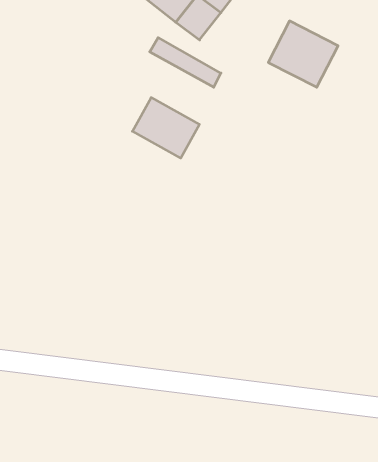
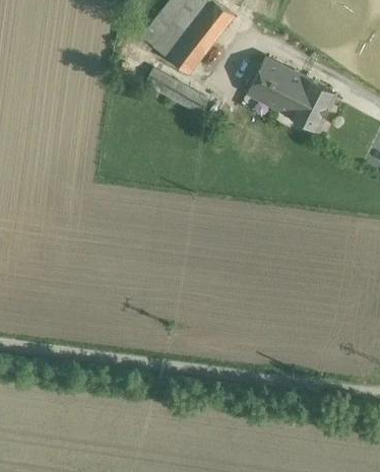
building: none -> [289,79,336,130]
building: [132,98,199,158] -> none

